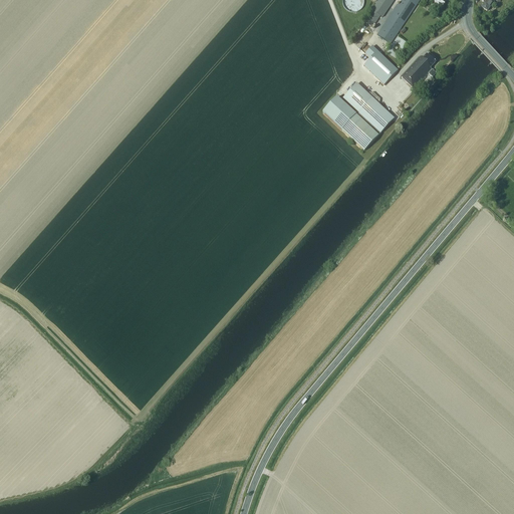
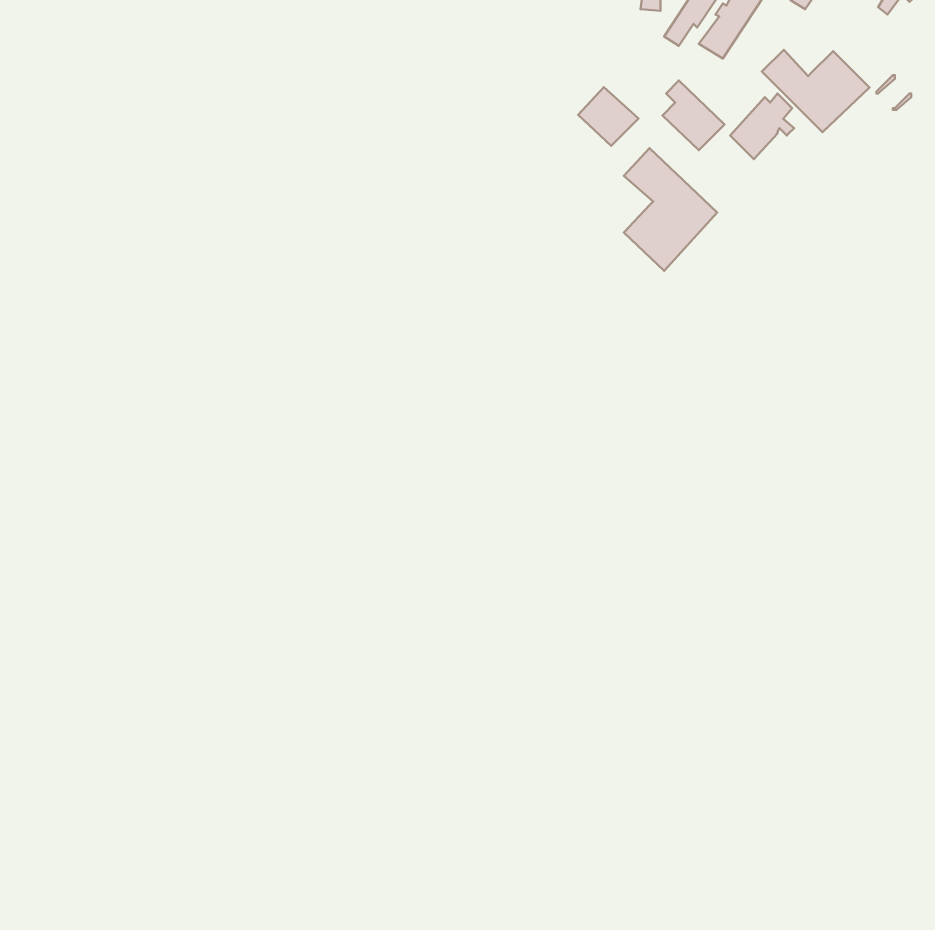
building: none -> [762,50,870,132]
building: [323,95,356,127] -> [578,87,639,146]

